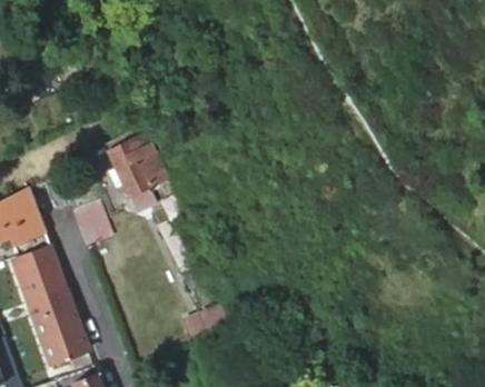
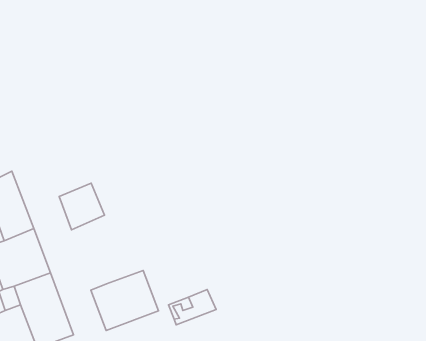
building: [108,133,167,214] -> none
building: none -> [91,271,159,331]

